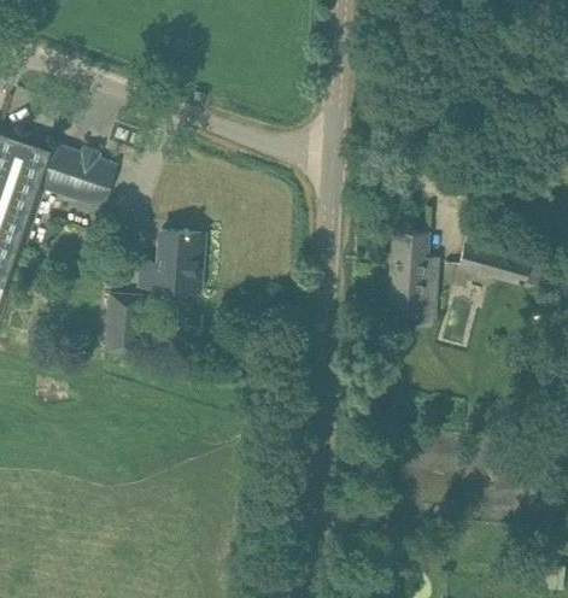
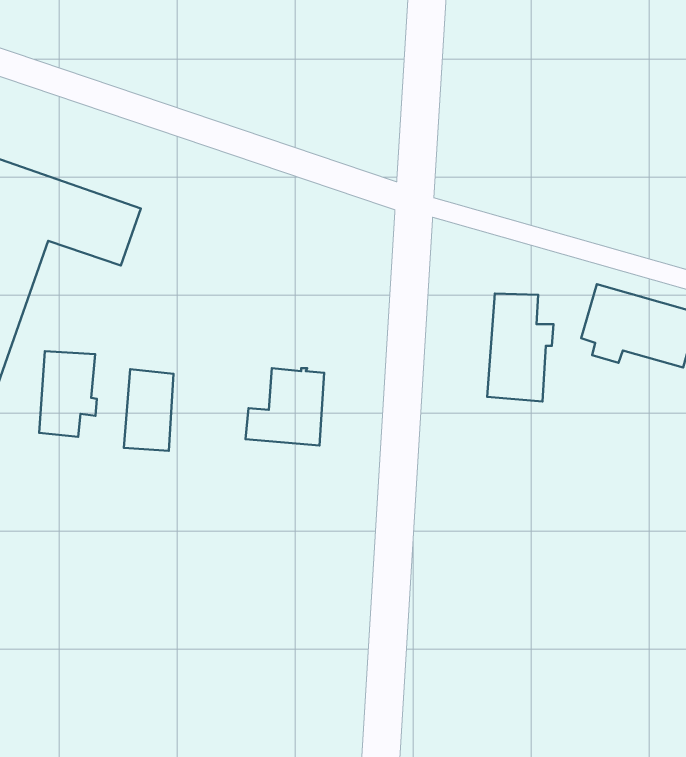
building: [139,230,200,291] -> [246,368,324,445]
building: none -> [39,351,97,437]

